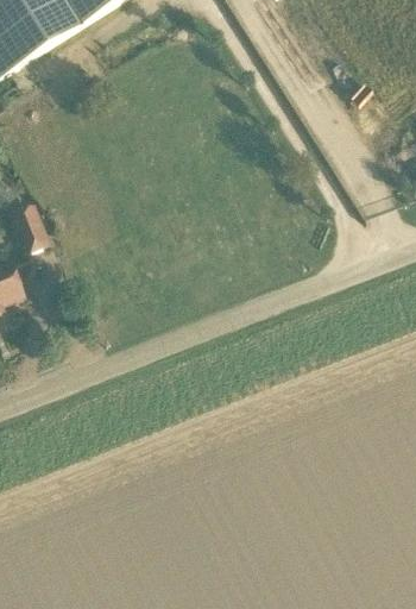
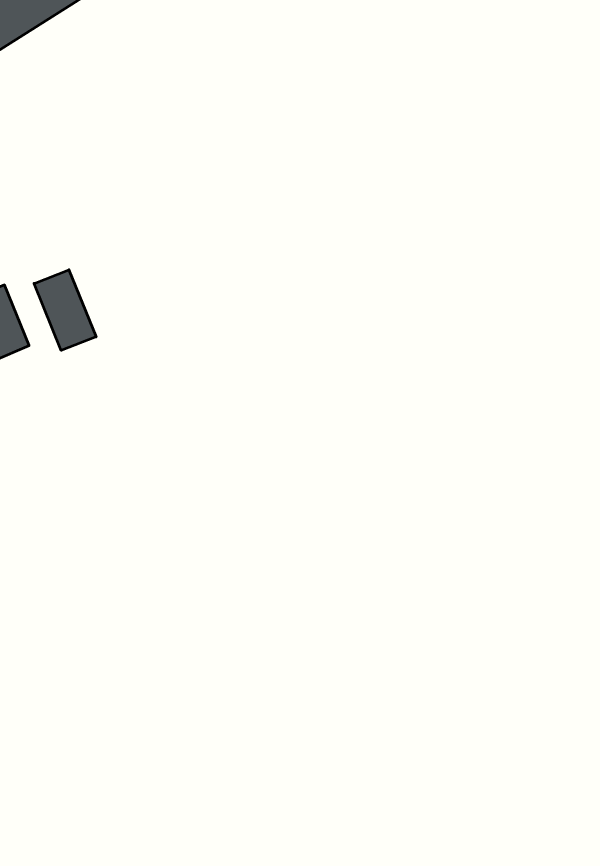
building: none -> [34,270,96,350]

